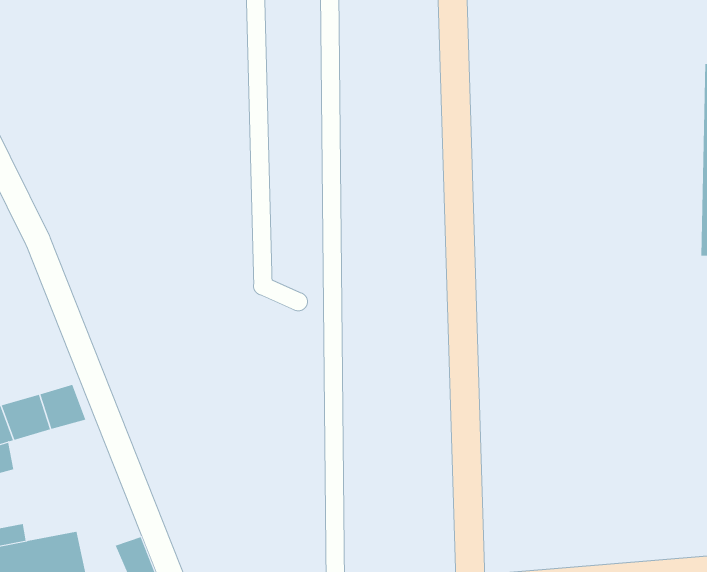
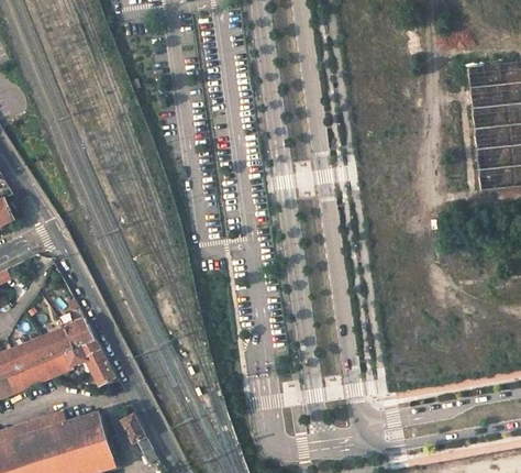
building: none -> [46,340,114,386]

